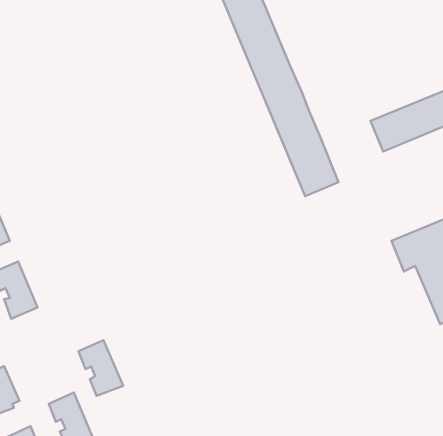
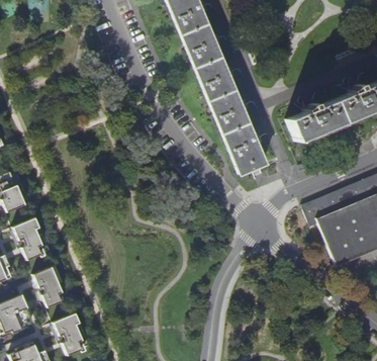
building: [79,340,123,396] -> [34,268,67,308]

